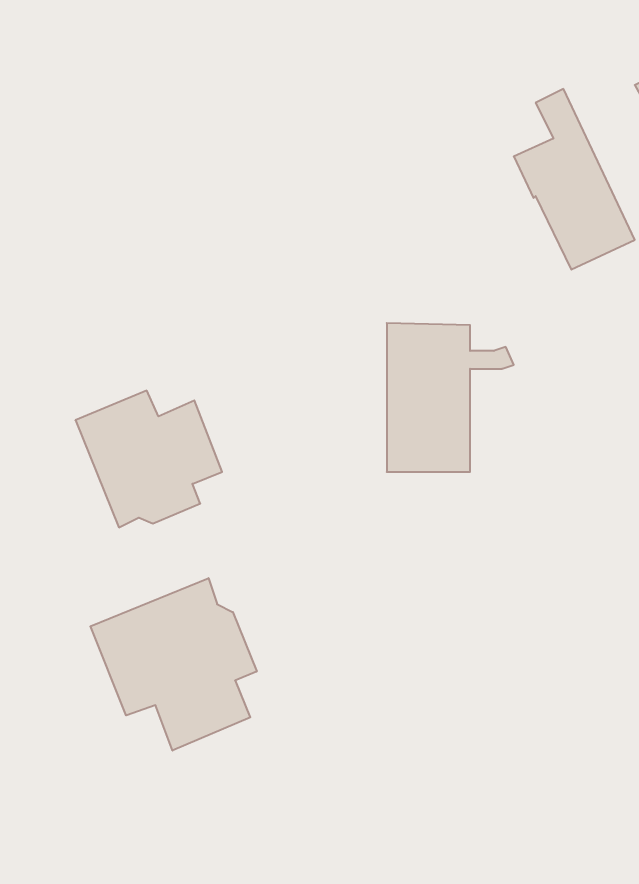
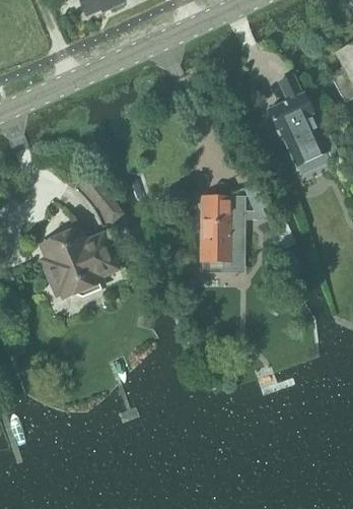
building: none -> [74,168,124,222]
building: [90,578,257,751] -> none

